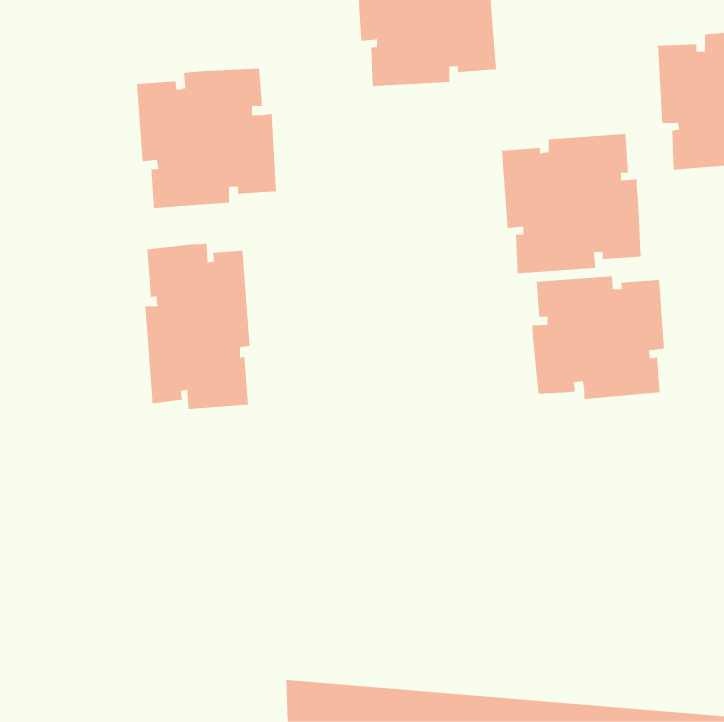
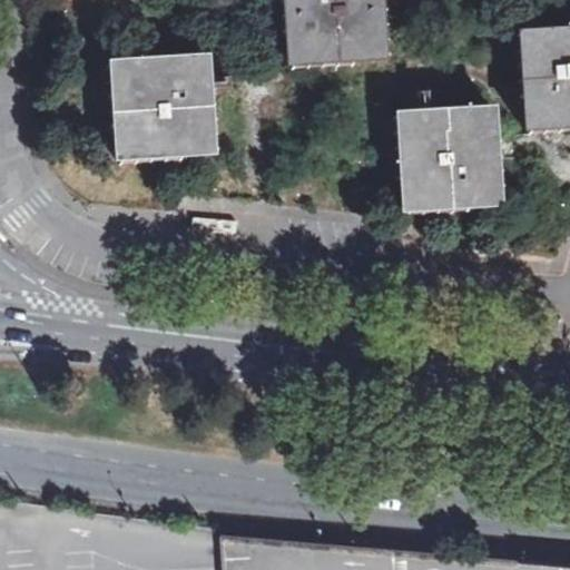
building: [145,243,250,410] -> none
building: [532,275,665,400] -> none

